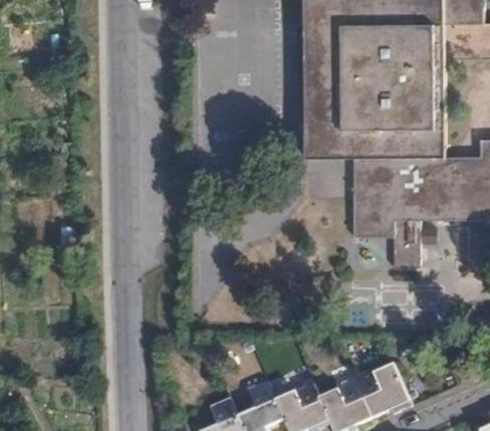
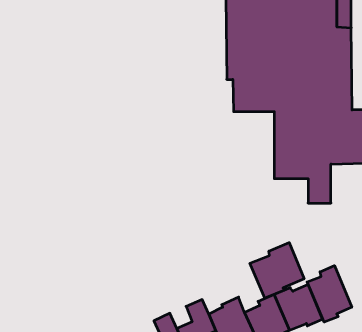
building: none -> [250,243,304,298]
building: none -> [307,266,352,322]

